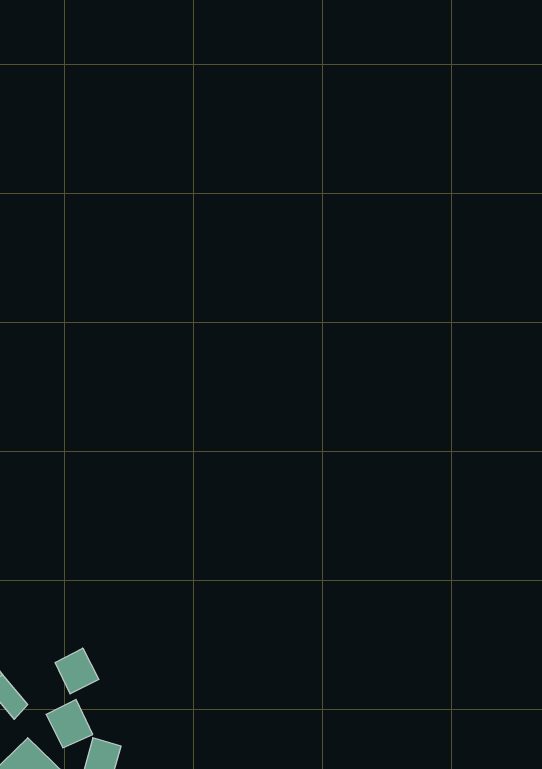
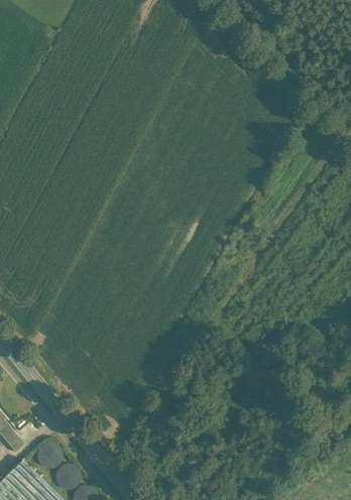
building: [55,648,99,694] -> none

